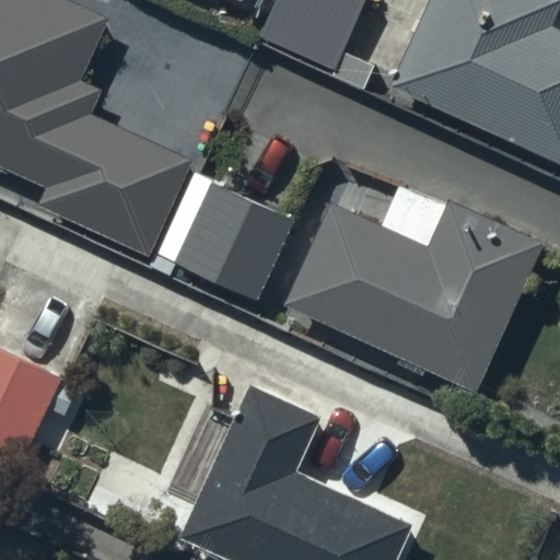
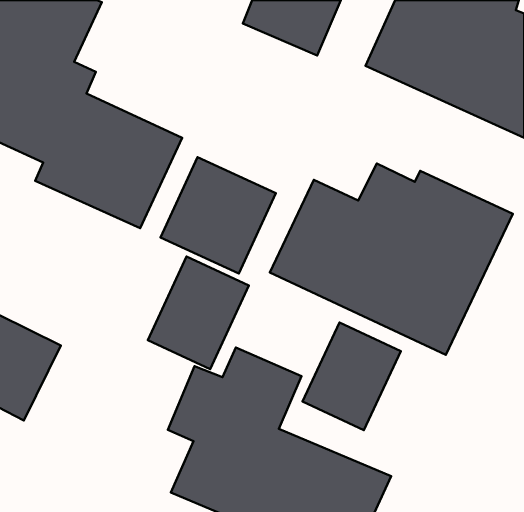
building: none -> [148,257,249,369]
building: none -> [303,323,401,430]

